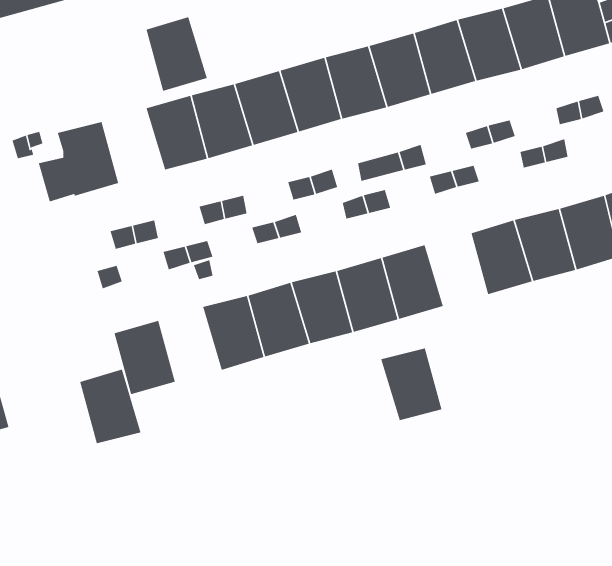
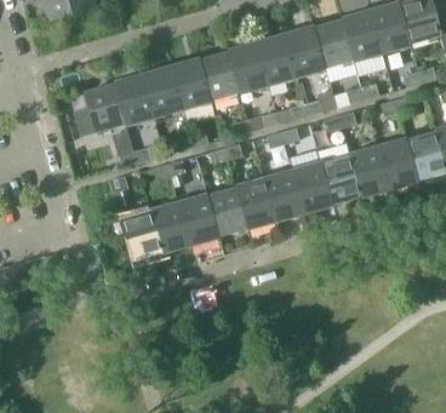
building: [145,16,208,92] -> [113,76,153,125]
building: [380,348,443,421] -> [320,156,360,203]
building: [79,368,141,444] -> [149,203,189,252]

